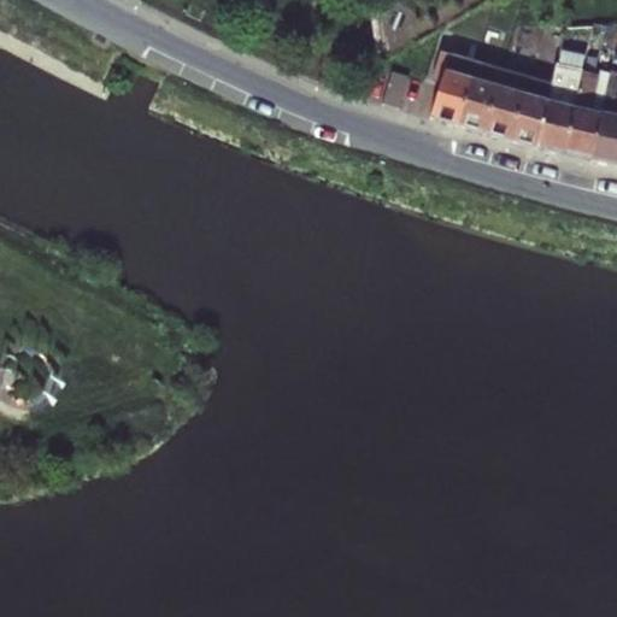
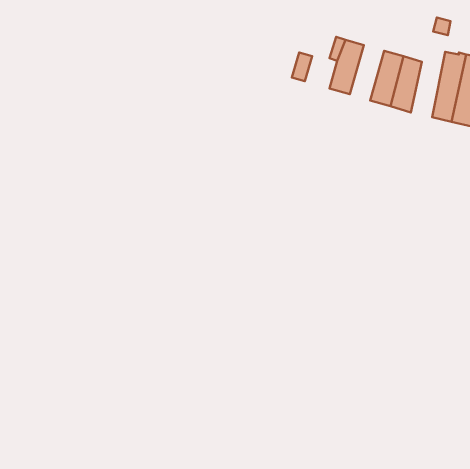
building: [459,59,504,131] -> none
building: [539,63,583,153] -> none

